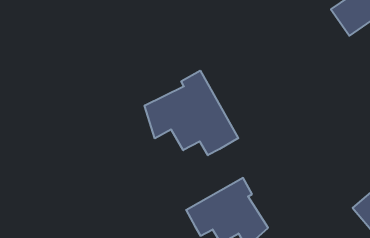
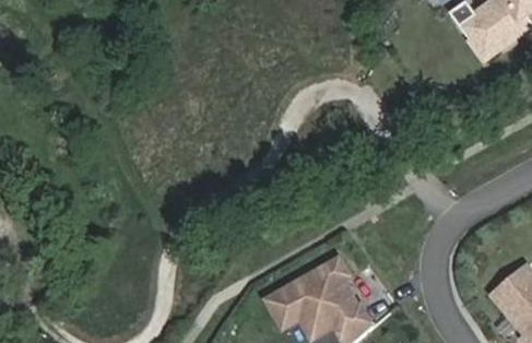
building: [145,71,238,155] -> none

